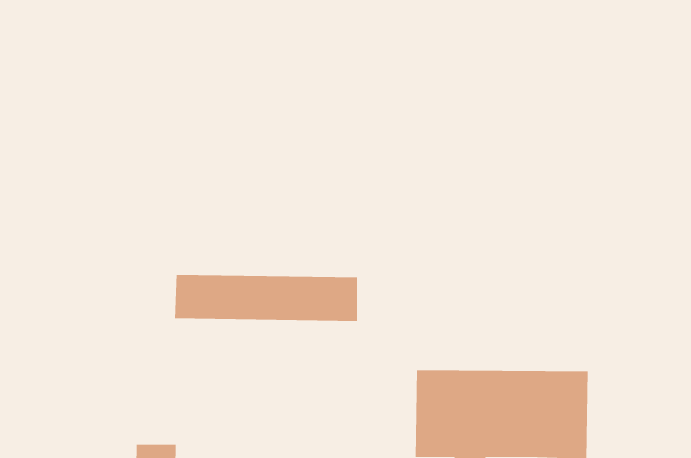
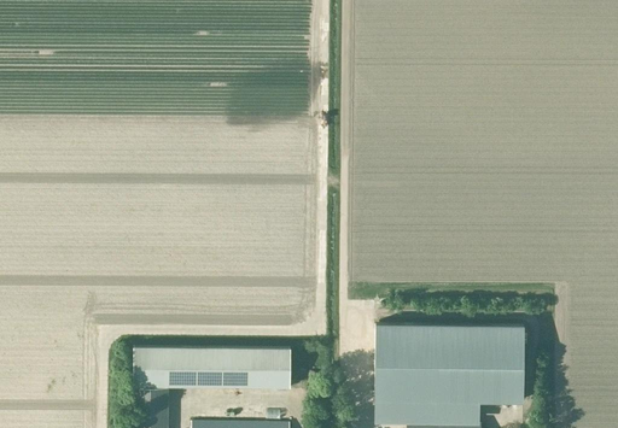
building: [174,274,358,322] -> [133,346,291,387]

